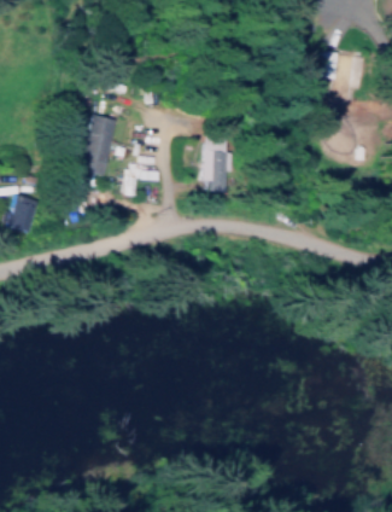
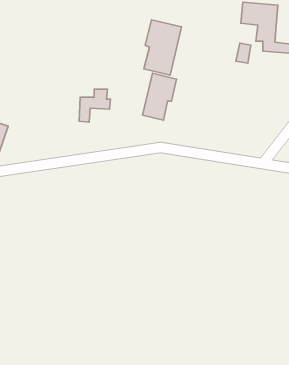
building: none -> [144,20,182,75]
building: [81,116,113,176] -> none

